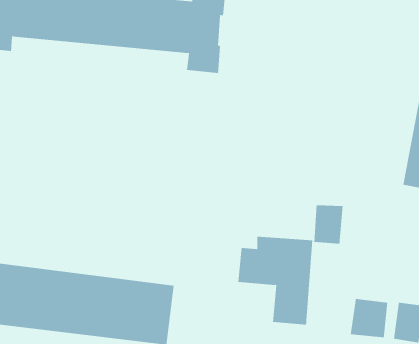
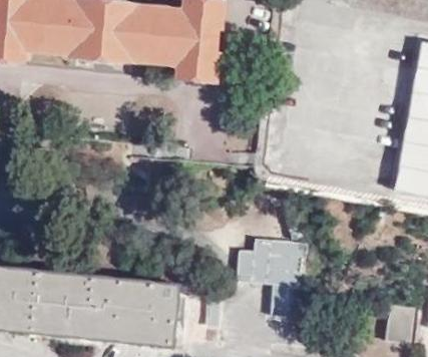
building: [314,204,343,245] -> none
building: [350,298,388,338] -> none

